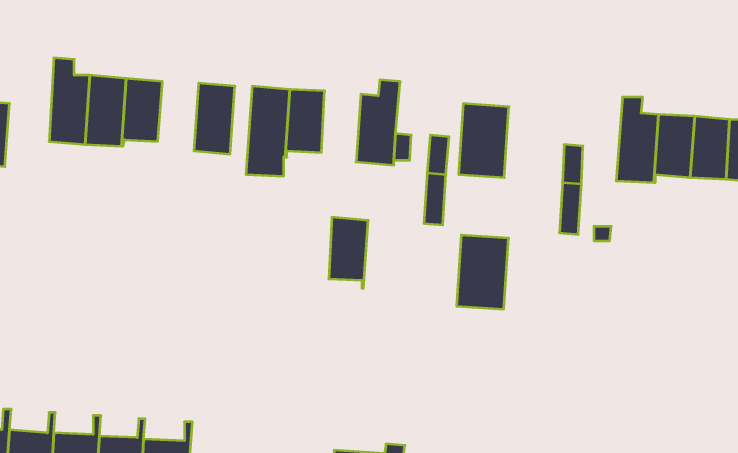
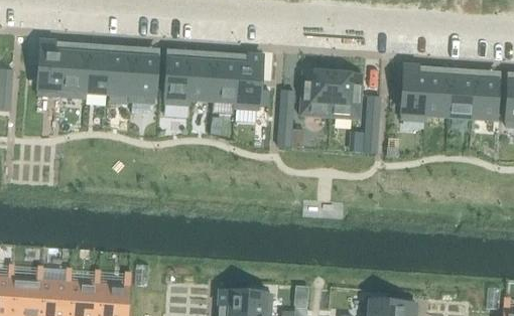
building: none -> [108,54,134,99]
building: [329,217,368,288] -> [213,60,238,106]
building: [457,235,509,309] -> [330,70,363,118]

